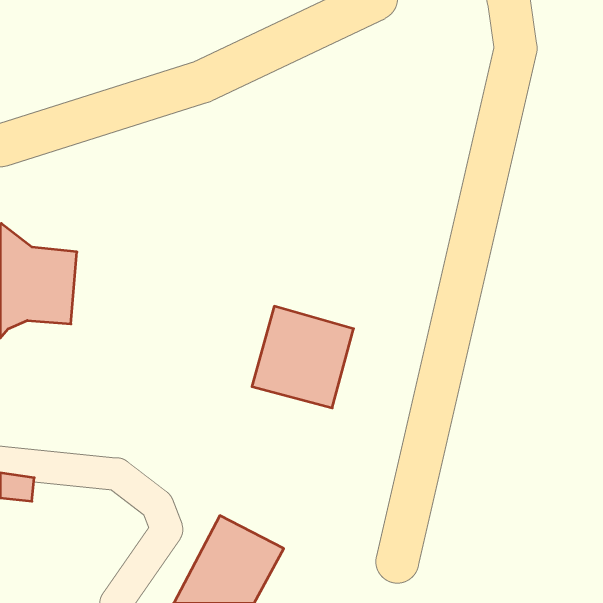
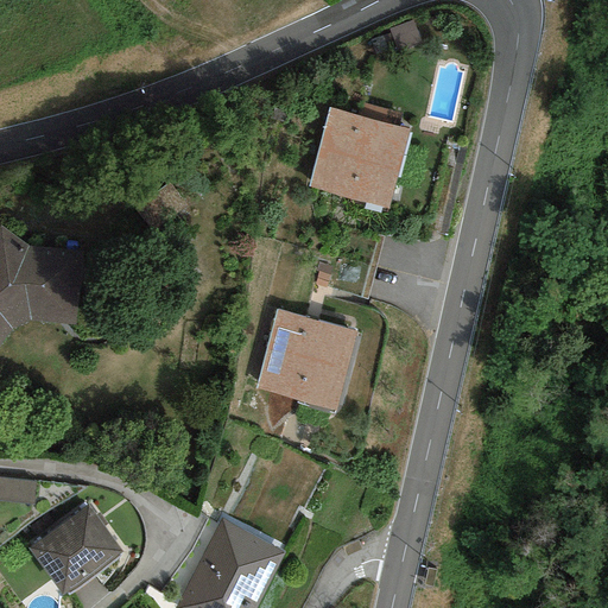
building: none -> [309,107,410,208]
building: none -> [27,502,122,594]

